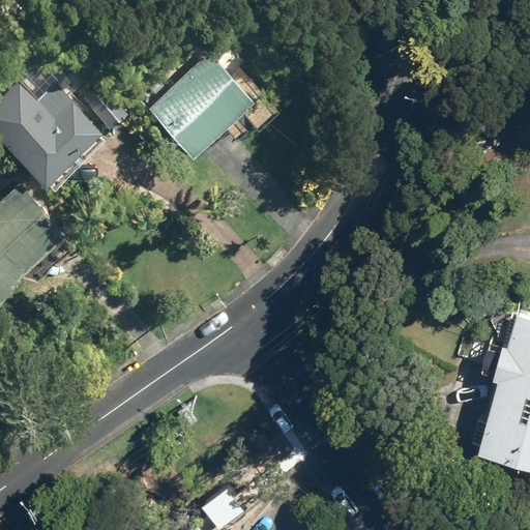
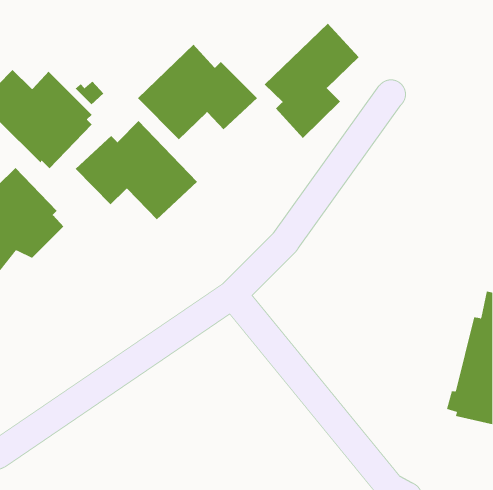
building: none -> [264,23,359,139]
building: none -> [75,120,198,220]

